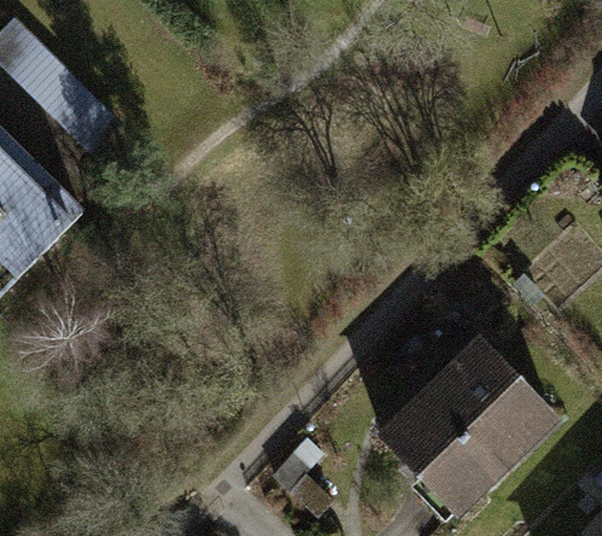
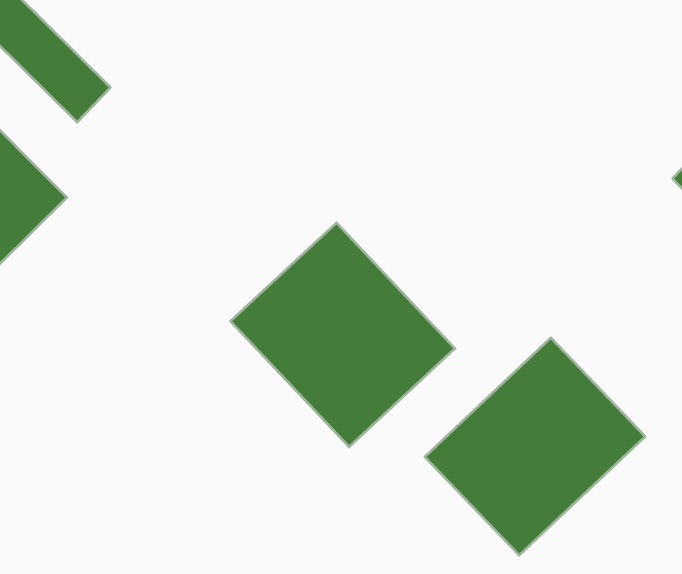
building: none -> [231,223,455,447]

